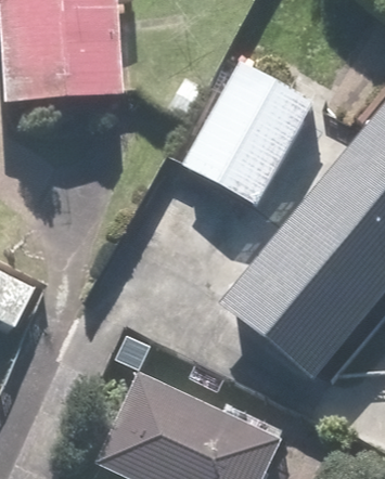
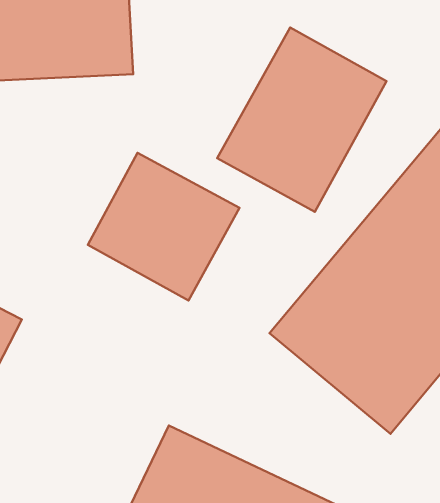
building: none -> [88,153,240,300]

